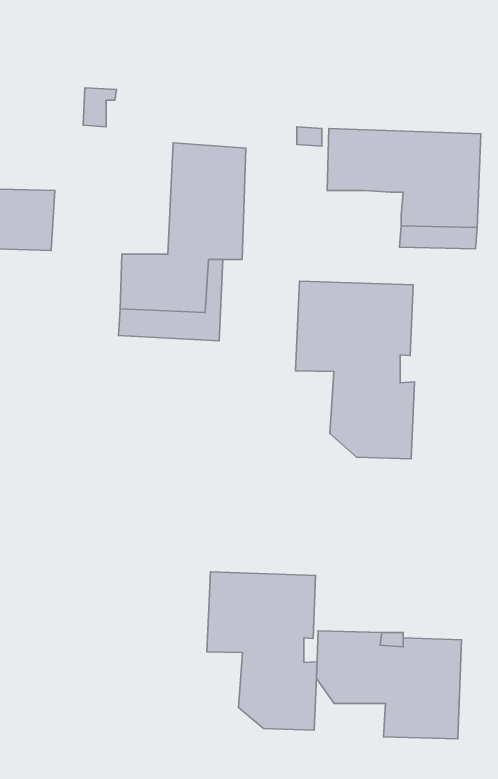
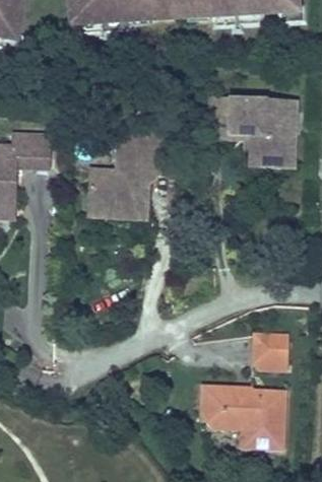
building: [295,281,415,459] -> none
building: none -> [253,333,287,370]
building: [207,572,317,730] -> none

